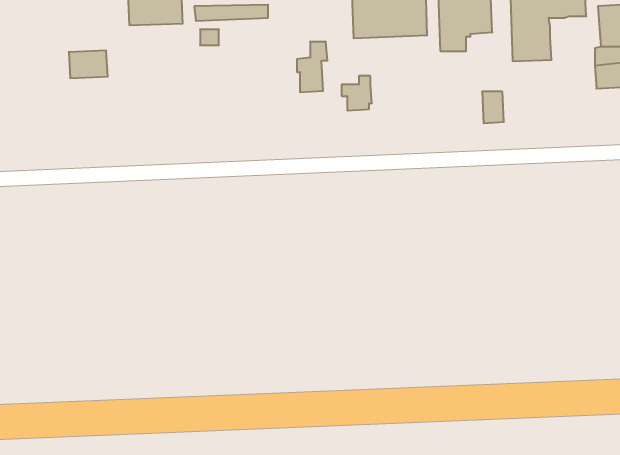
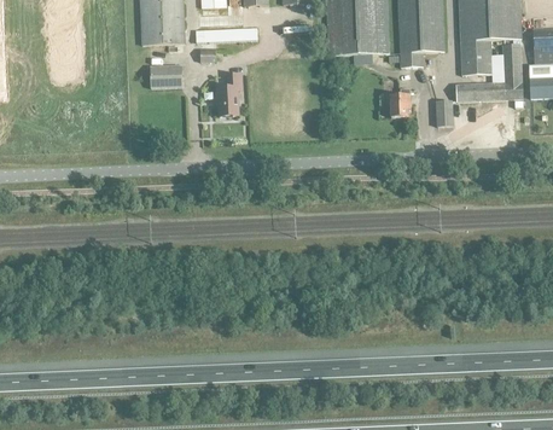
building: none -> [454,37,522,101]
building: [297,42,327,92] -> [216,74,241,116]
building: [69,51,108,78] -> [150,65,182,88]
building: [342,76,372,111] -> [385,88,411,117]

